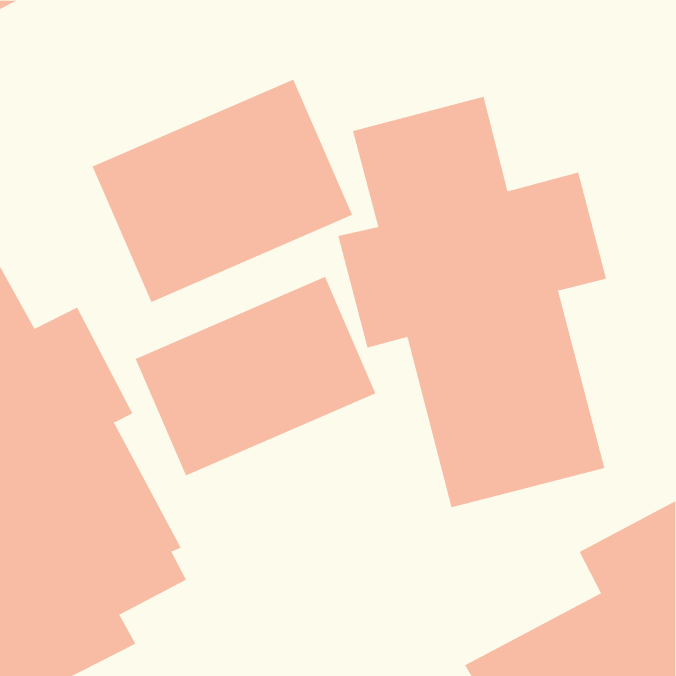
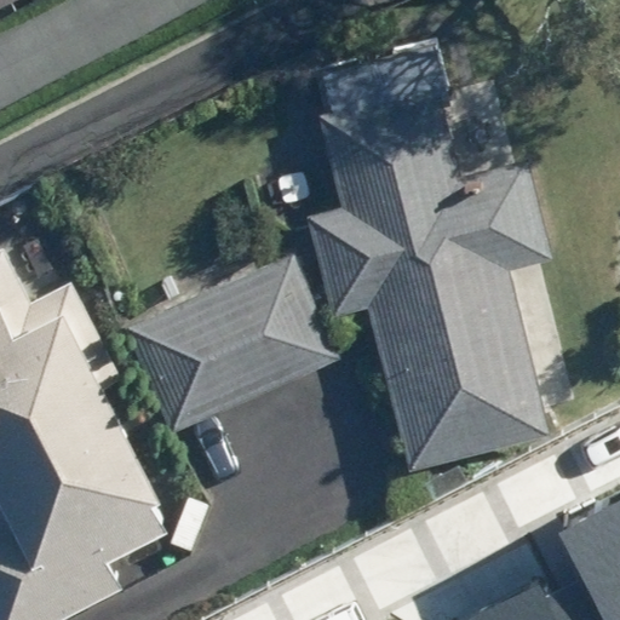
building: [92,79,353,303] -> none

